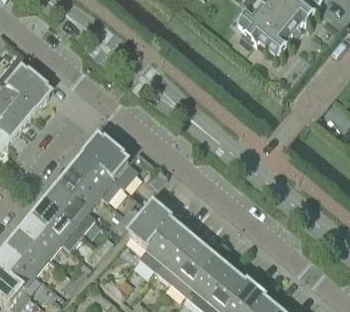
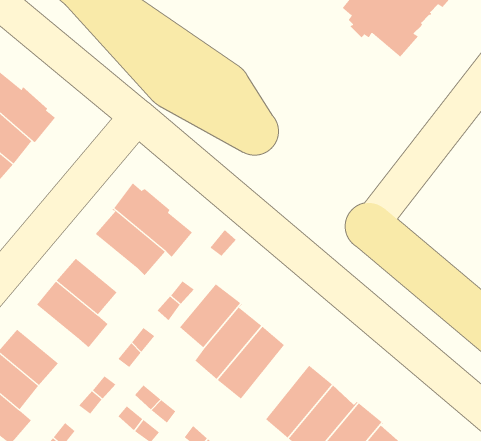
building: [61,171,102,210] -> none
building: [22,218,63,257] -> none
building: [171,245,217,294] -> none

